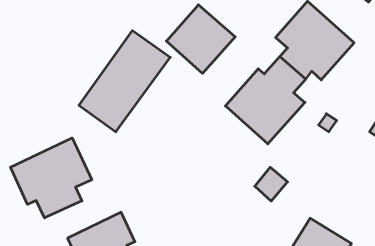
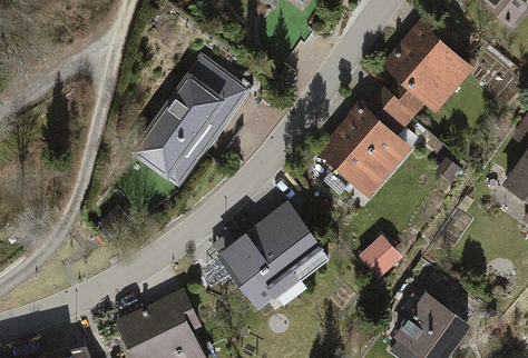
building: [166,5,235,73] -> none
building: [11,138,92,218] -> none
building: none -> [216,202,323,312]

